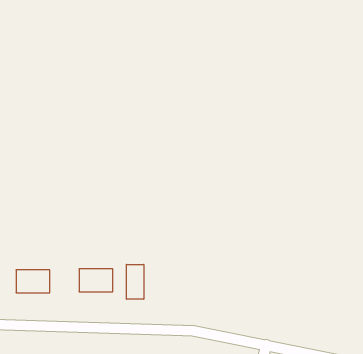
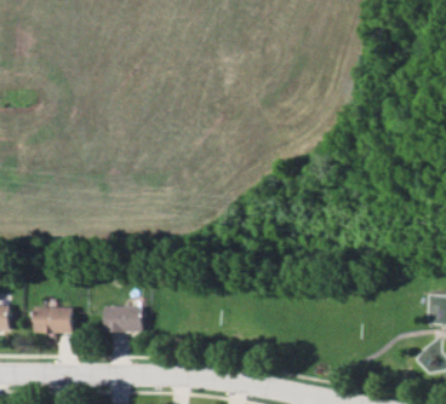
building: [126,264,144,299] -> none

